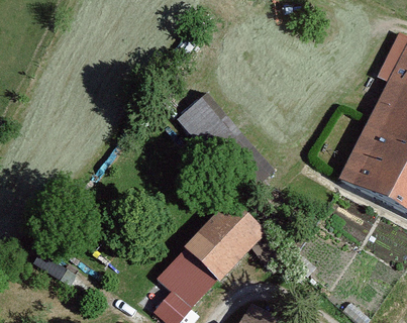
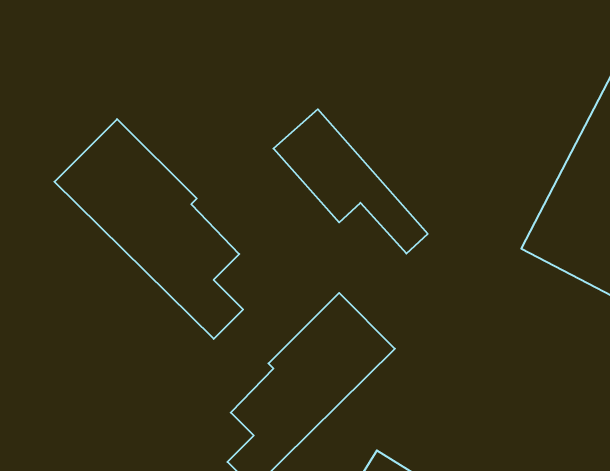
building: none -> [54,119,243,339]

